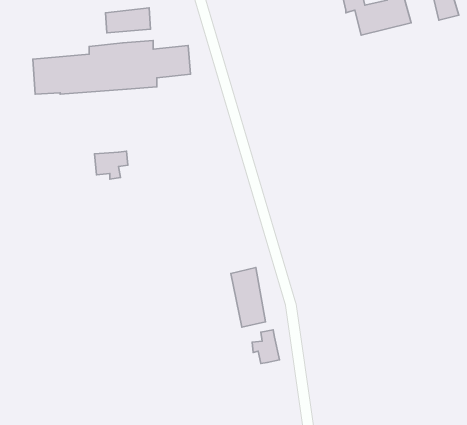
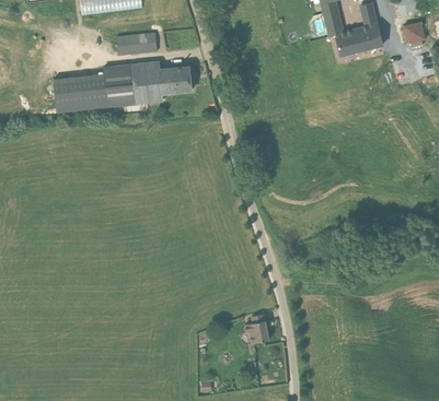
building: [95,151,128,179] -> none
building: [231,268,266,327] -> none

